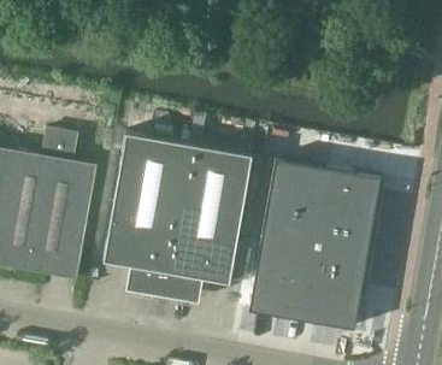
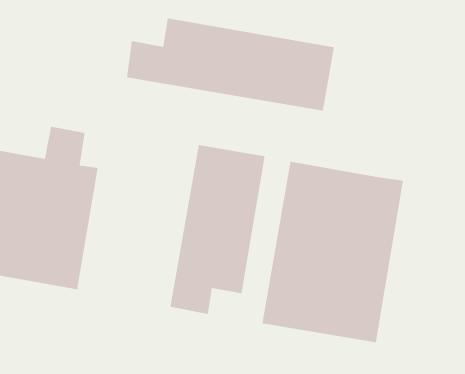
building: none -> [126,17,335,111]
building: [102,131,188,294] -> none

